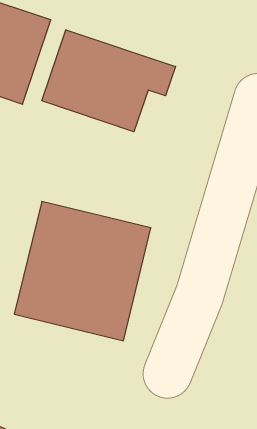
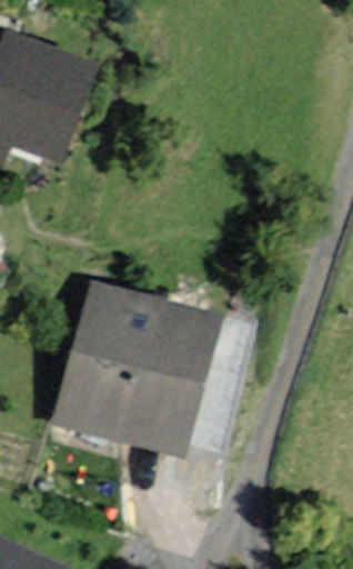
building: [42,30,175,132] -> none

